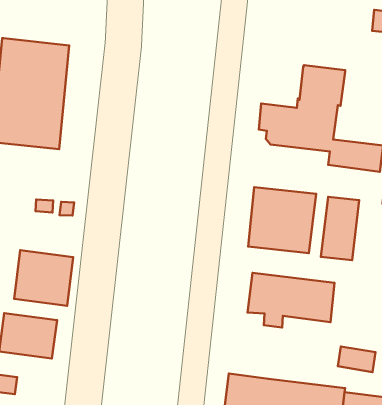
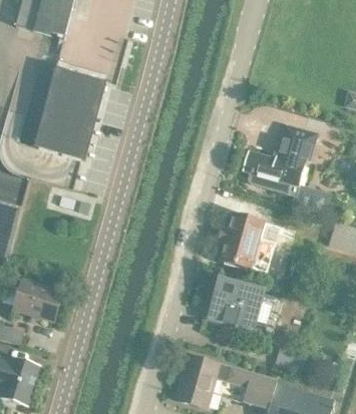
building: [321,197,359,260] -> none
building: [14,250,73,306] -> none

